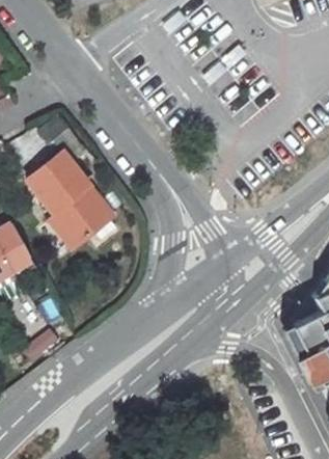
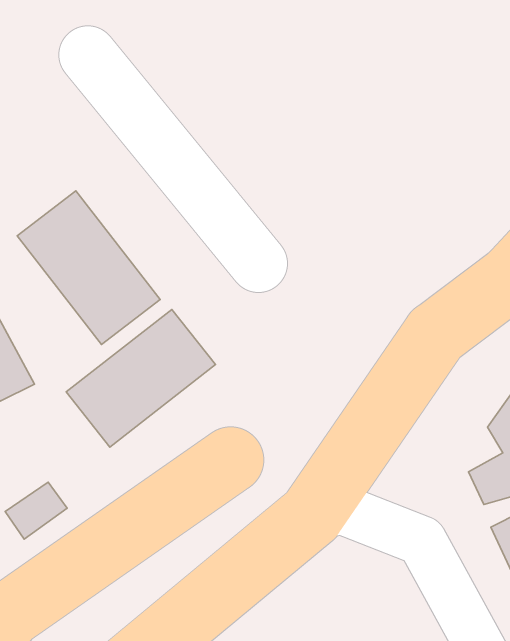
building: none -> [66,310,215,447]

